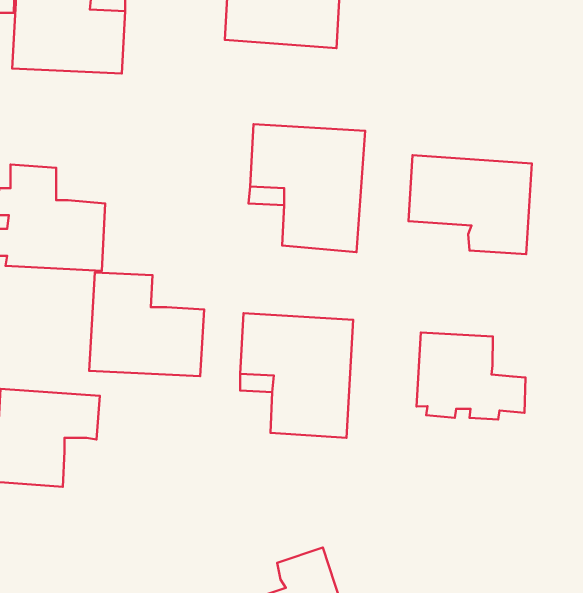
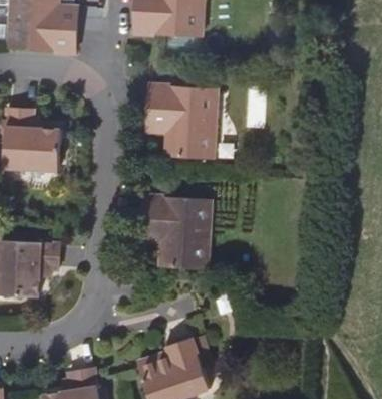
building: [409,155,532,254] -> none
building: [89,272,204,376] -> none
building: [416,332,525,419] -> none

